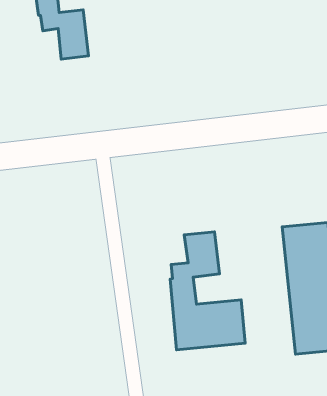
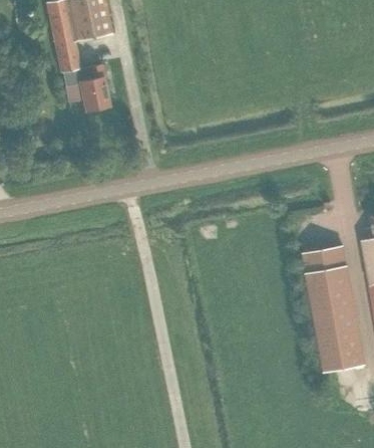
building: [170,232,245,350] -> none

